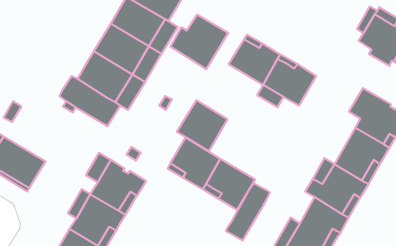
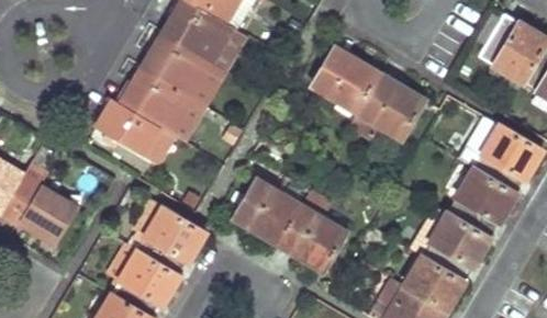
building: [170,15,228,69] -> none
building: [177,100,227,151] -> none
building: [226,183,270,241] -> none

